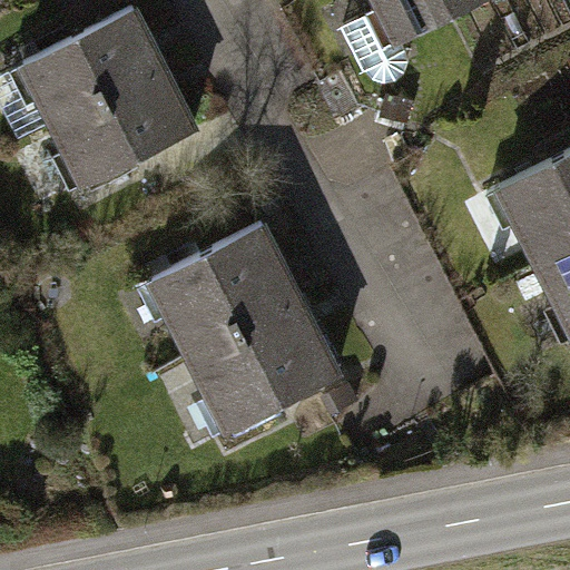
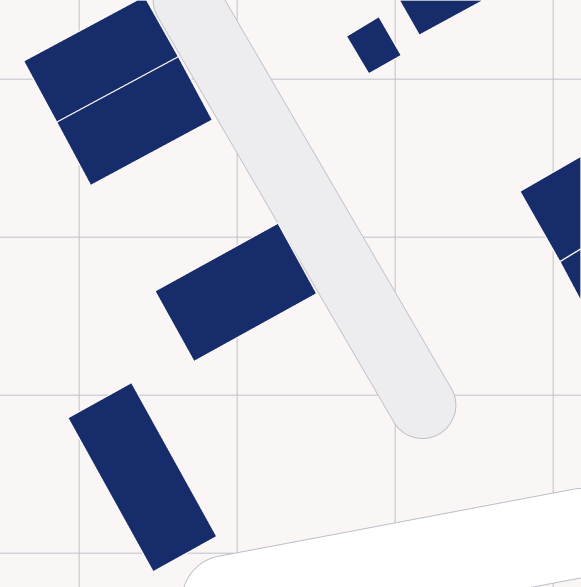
building: [184,291,346,438] -> none
building: none -> [68,382,217,572]

